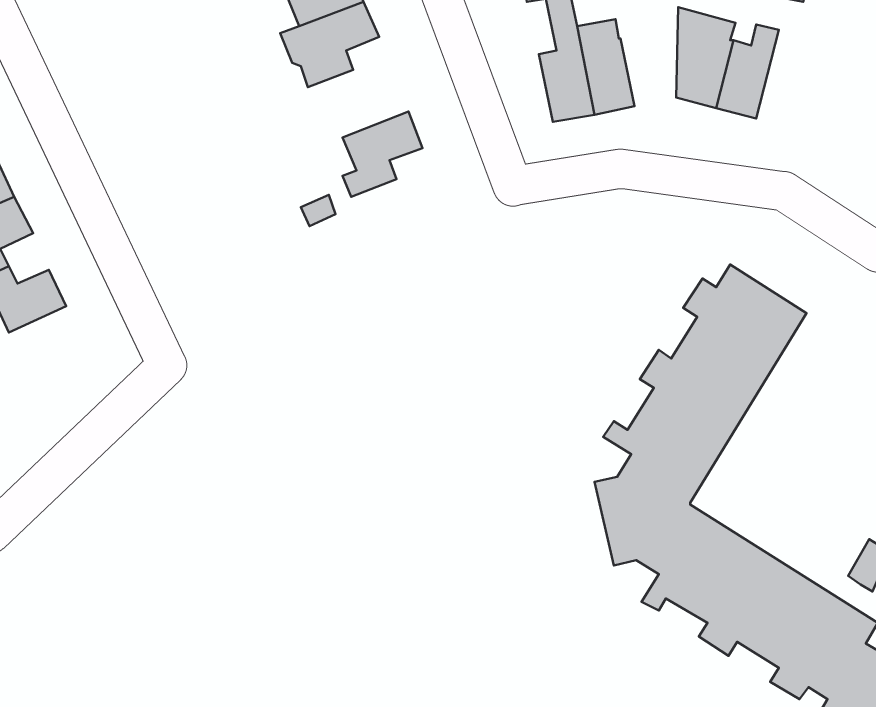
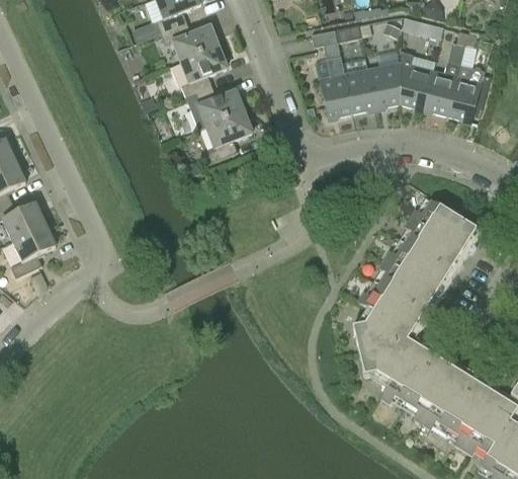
building: none -> [368,51,402,108]
building: none -> [447,64,485,122]
building: none -> [186,87,245,127]
building: none -> [11,225,56,277]

